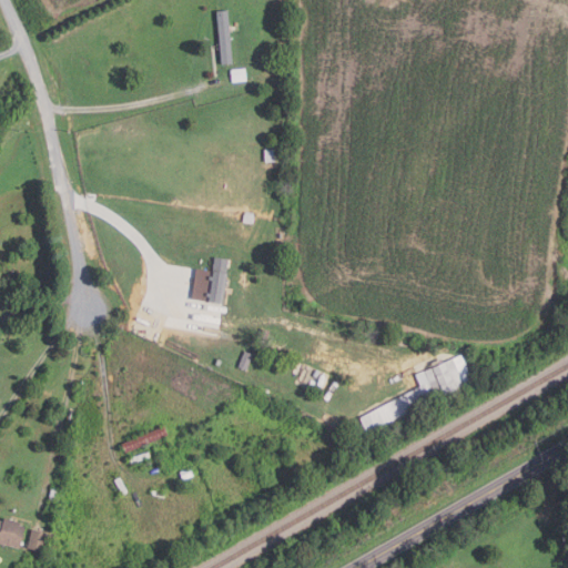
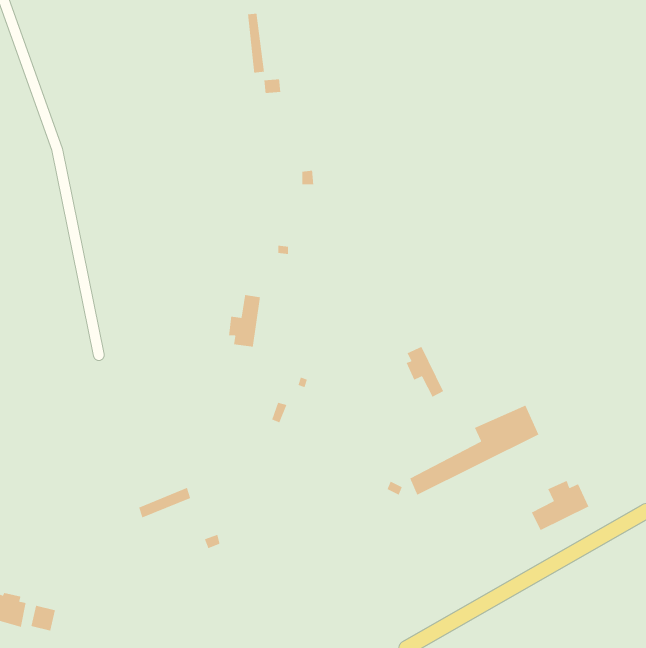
building: none -> [405,346,444,398]
building: none -> [531,480,589,531]

